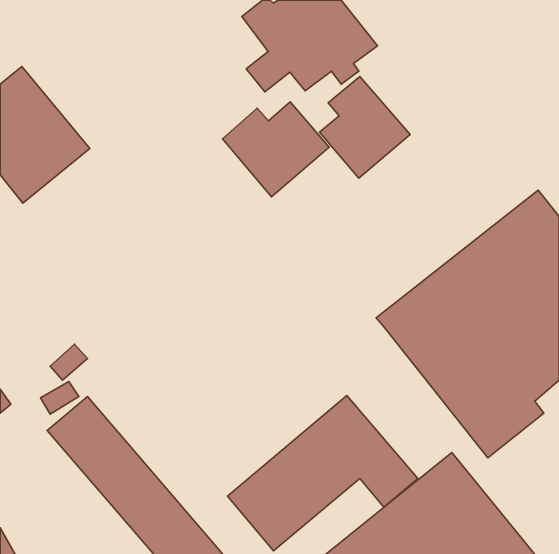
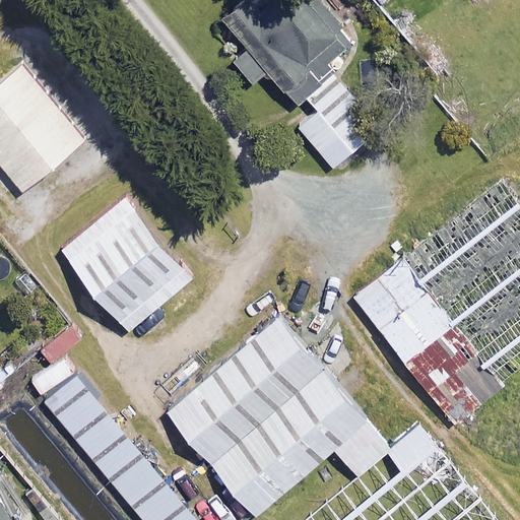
building: [222,102,329,197] -> none
building: none -> [60,199,191,333]
building: none -> [167,318,322,465]

